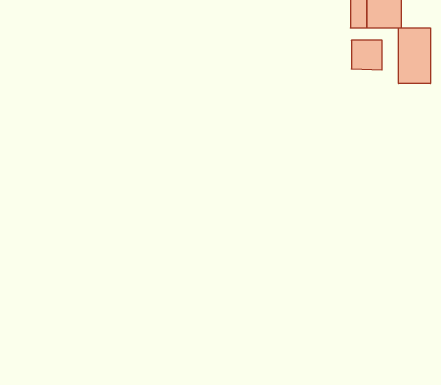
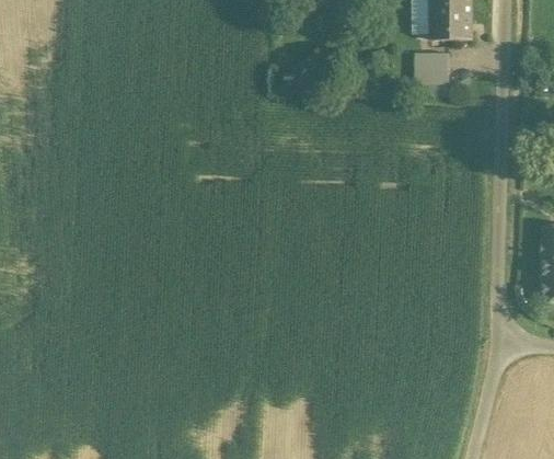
building: [399,28,430,84] -> none

